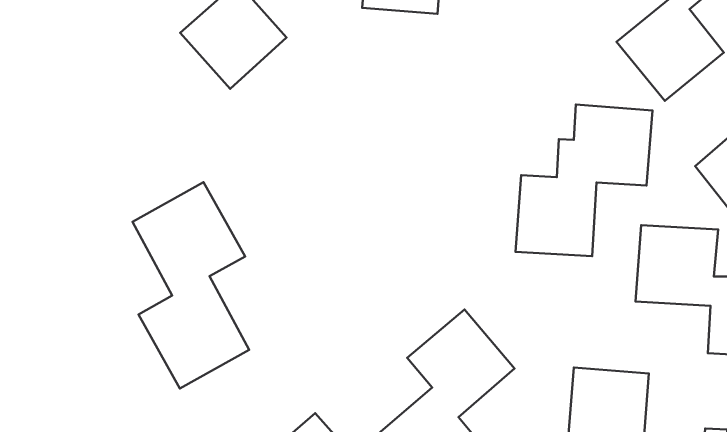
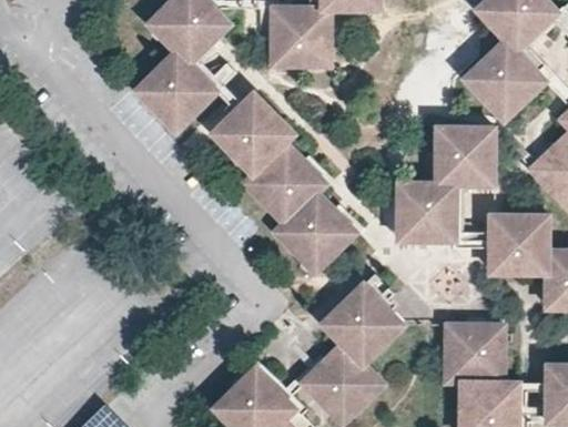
building: none -> [214,91,355,272]
building: [132,182,249,389] -> none

